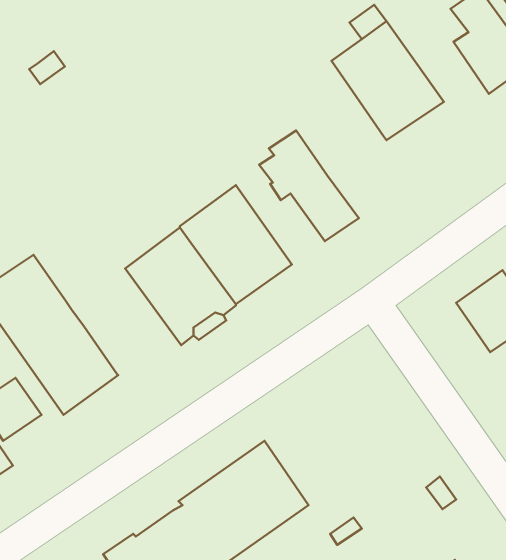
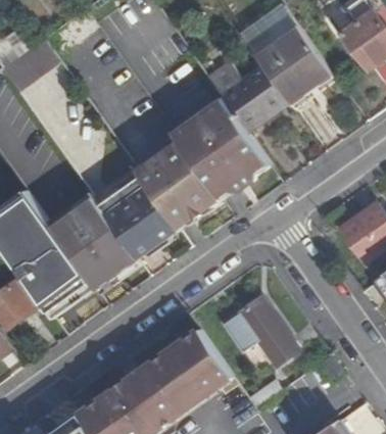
building: none -> [205,62,287,132]
building: none -> [172,111,243,198]
building: none -> [50,196,136,288]
building: none -> [218,297,296,367]

